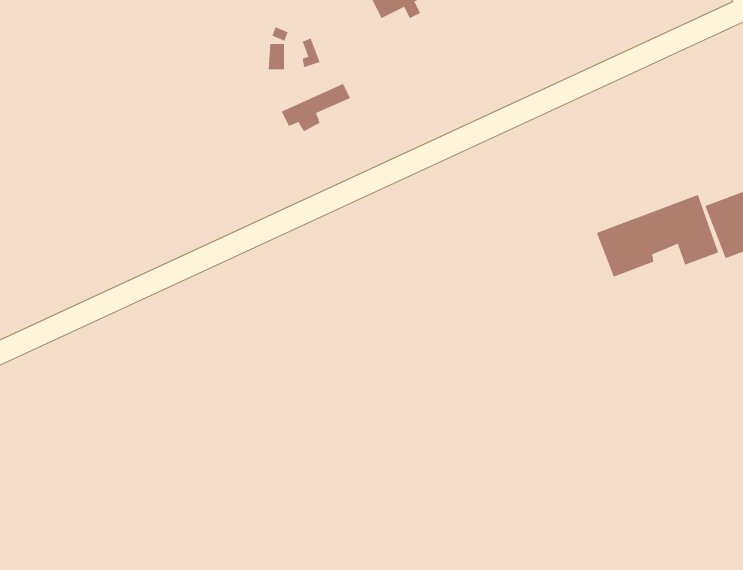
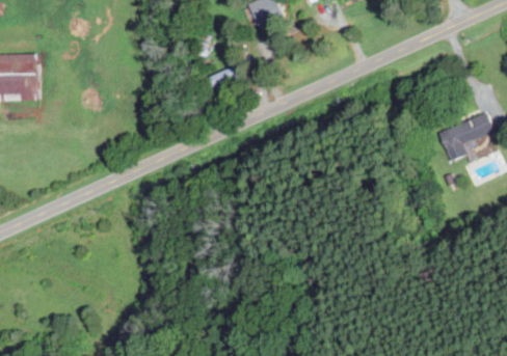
building: [596,194,719,278] -> none

